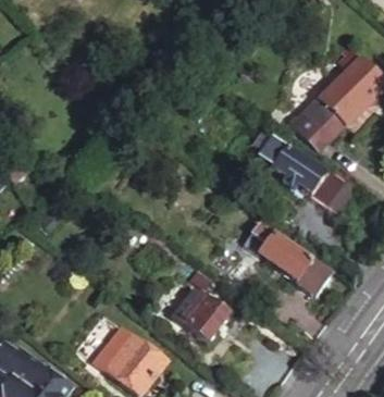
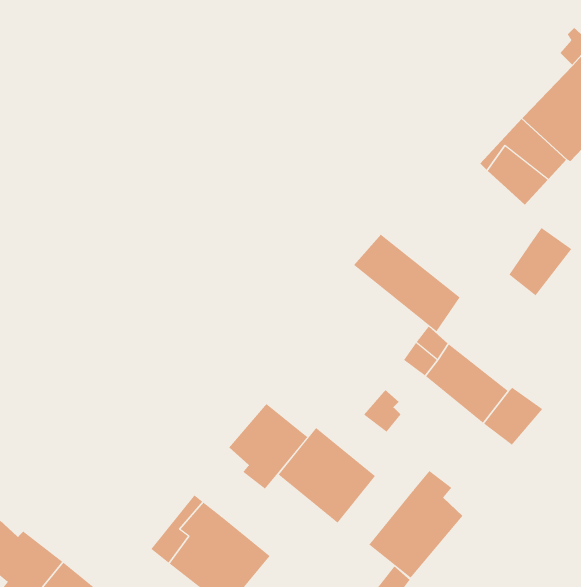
building: [261,135,325,194] -> [353,234,460,332]
building: none -> [229,403,308,490]
building: none -> [368,470,463,578]

